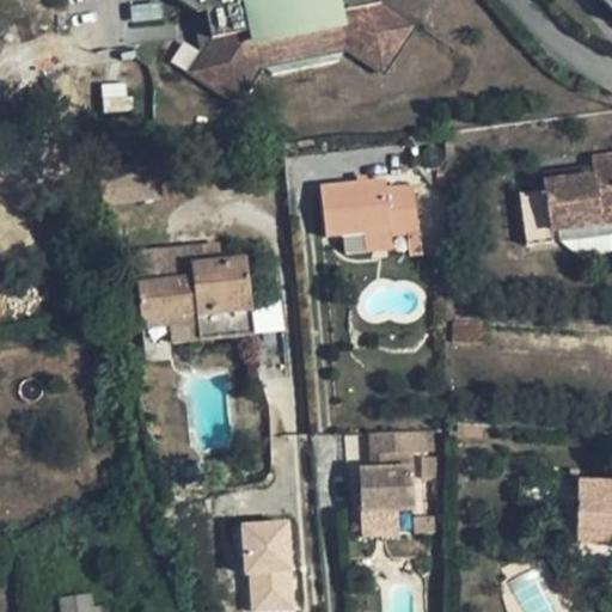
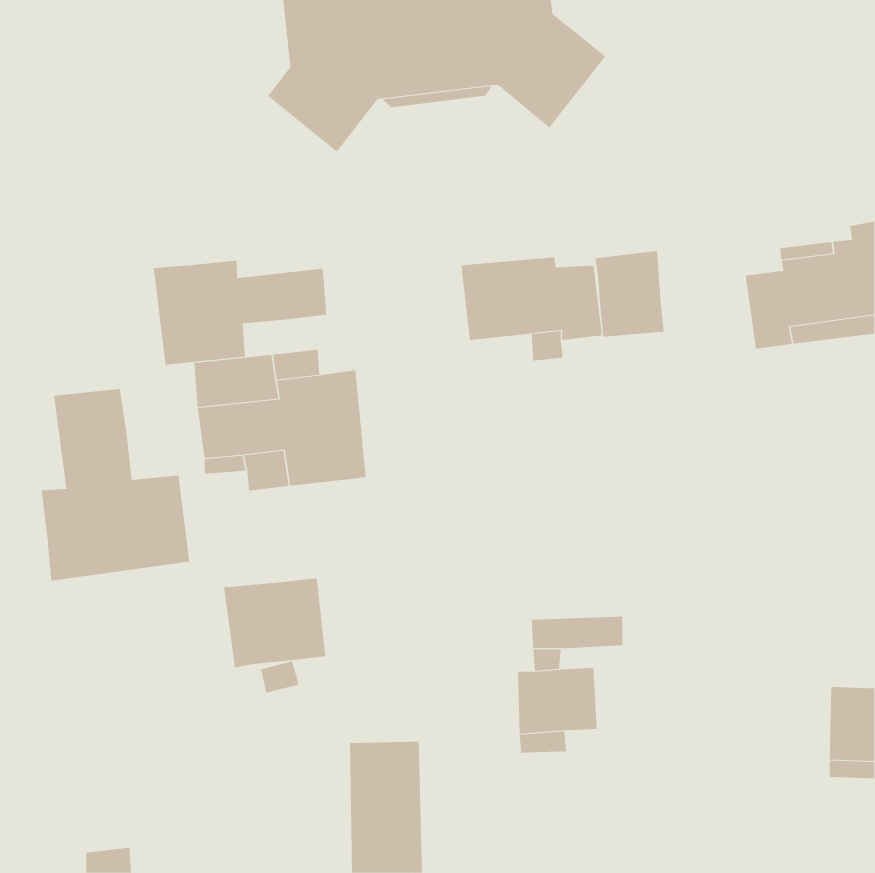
building: none -> [595,250,664,338]
building: none -> [153,260,327,366]
building: none -> [41,388,190,581]
building: none -> [223,577,326,668]

